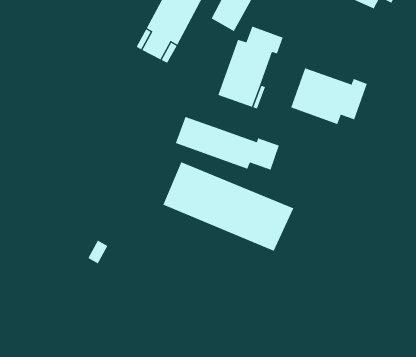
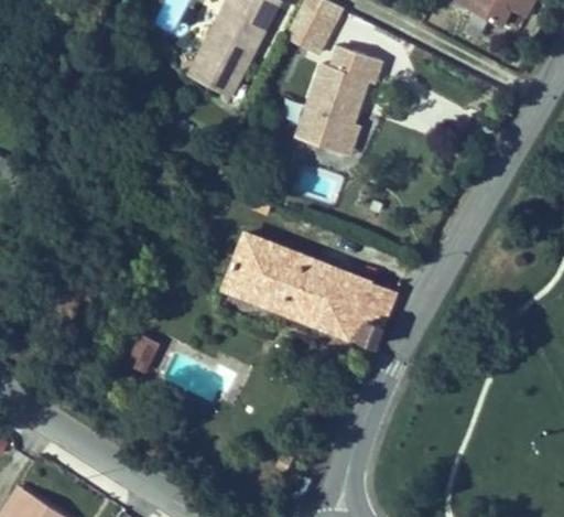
building: [290,68,367,125] -> none
building: [175,116,279,170] -> none

